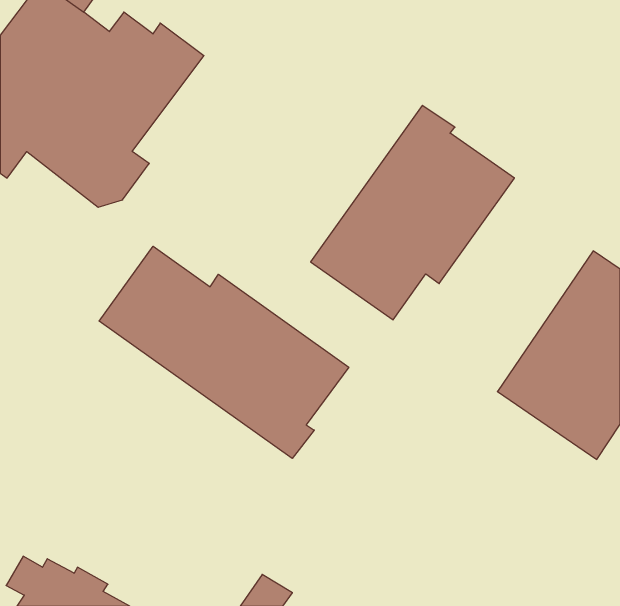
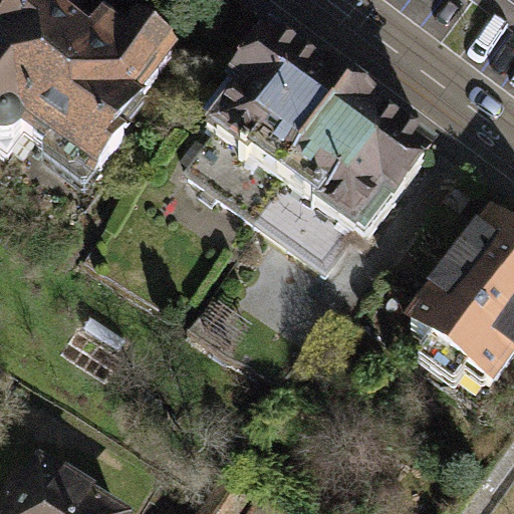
building: none -> [187,34,349,228]
building: [99,246,349,458] -> none

